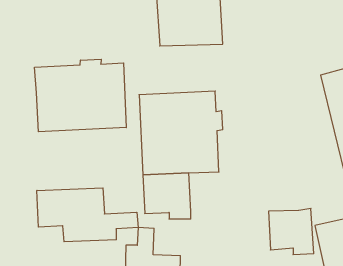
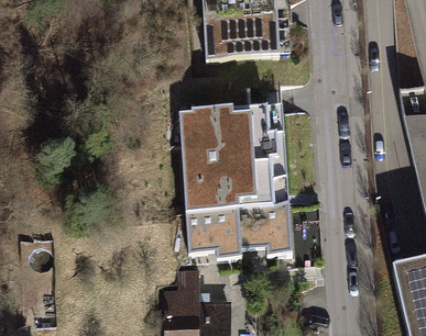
building: [35,59,126,132] -> none
building: [37,188,138,242] -> none
building: [269,208,314,255] -> [242,201,295,255]

